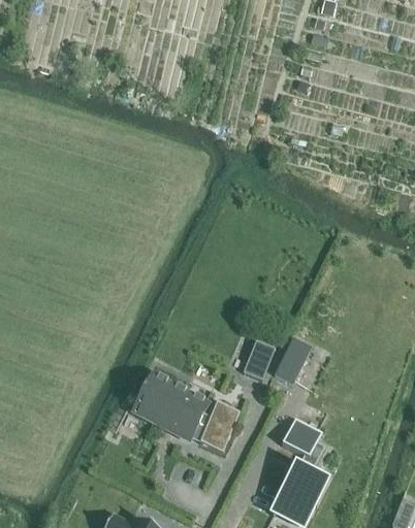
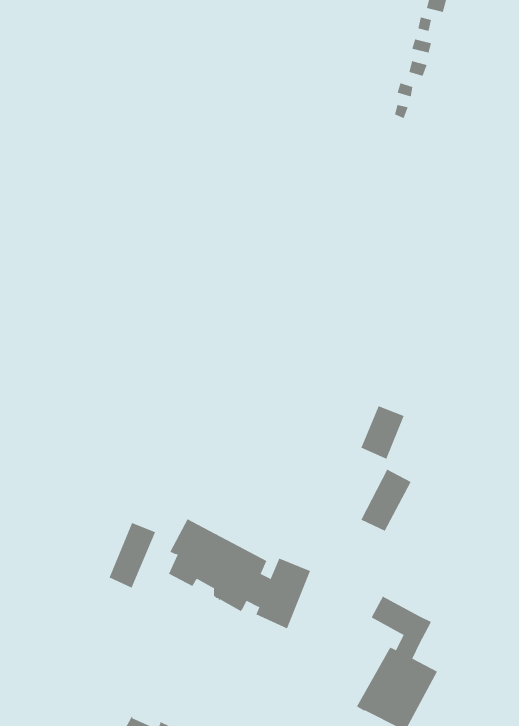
building: [243,341,274,380] -> [361,405,404,459]
building: none -> [109,522,156,588]

